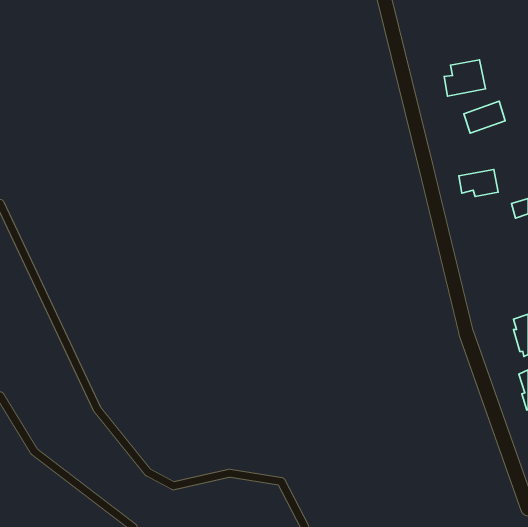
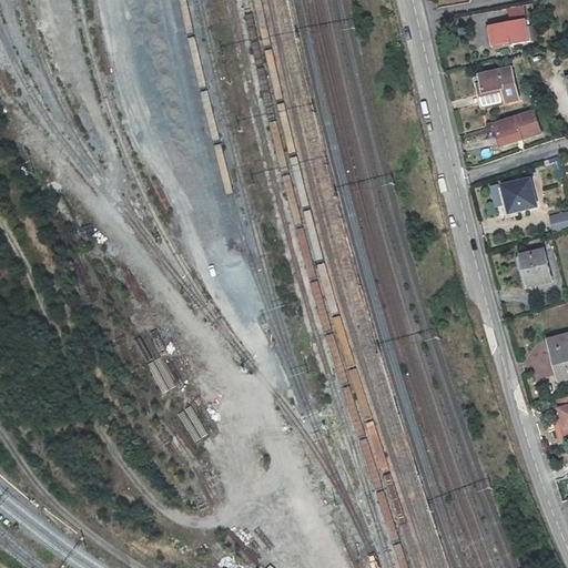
building: none -> [487,16,527,41]
building: none -> [515,252,550,290]

